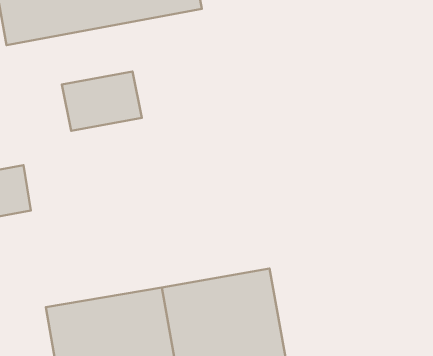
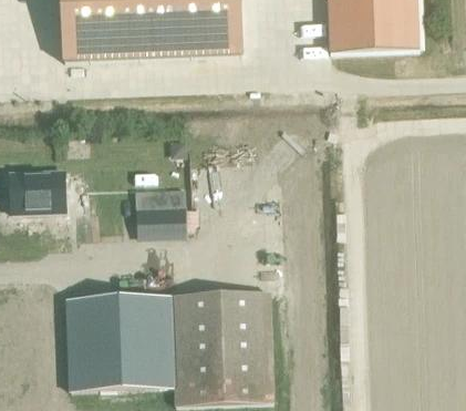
building: [62,71,142,131] -> none
building: none -> [135,204,185,233]

